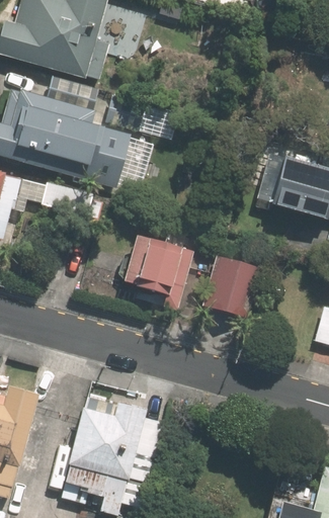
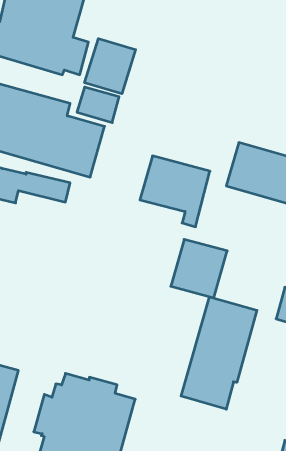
building: none -> [85,39,136,94]
building: [118,234,192,309] -> [140,156,210,227]
building: none -> [181,297,257,409]

